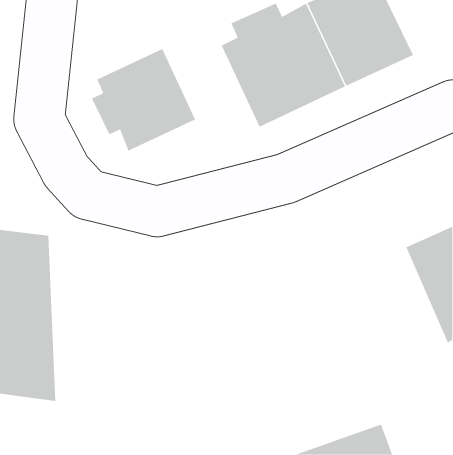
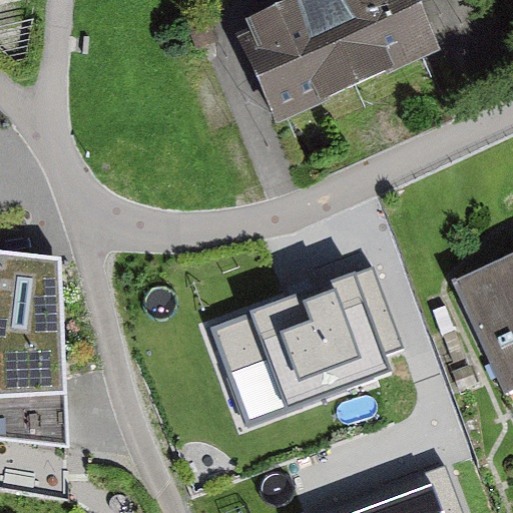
building: [91,48,196,151] -> none
building: none -> [209,263,392,419]

